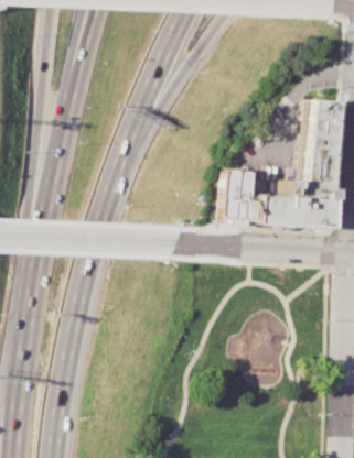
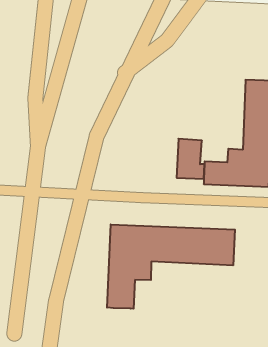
building: none -> [107,224,235,309]

